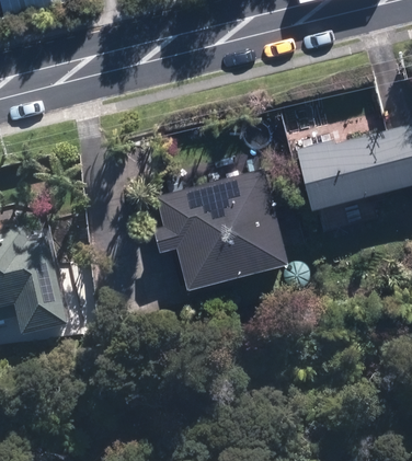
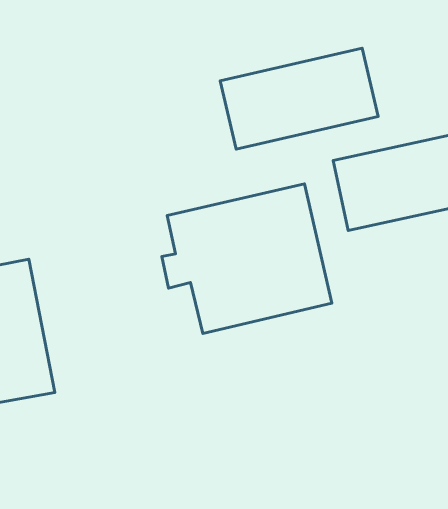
building: none -> [220,48,378,149]

